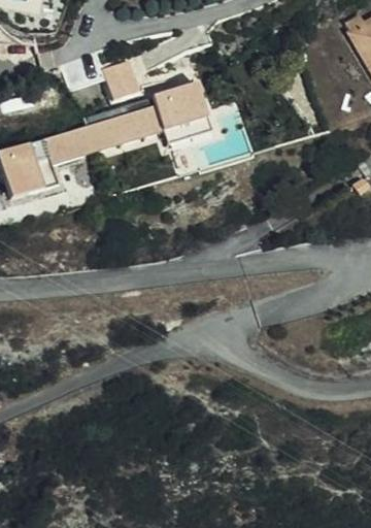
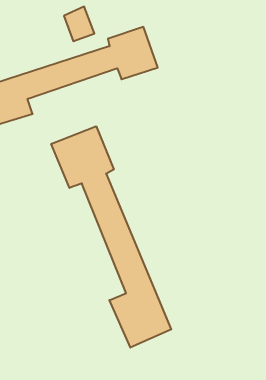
building: none -> [51,126,171,348]

